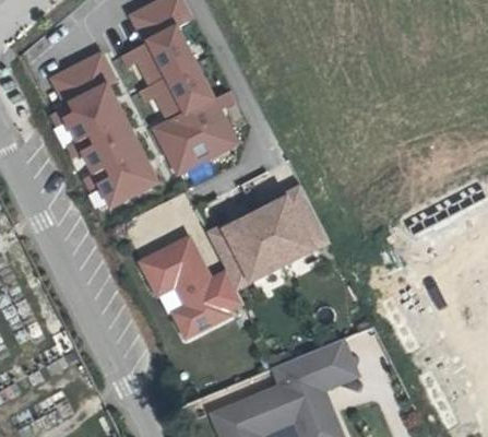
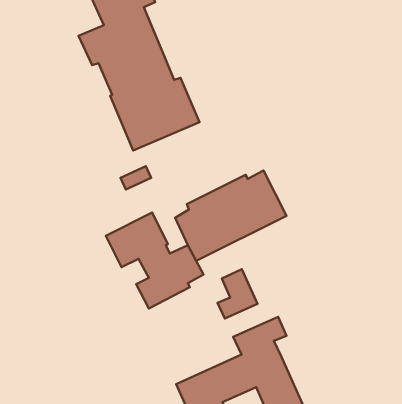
building: [46,50,155,209] -> none
building: [317,336,358,388] -> [218,269,258,319]

